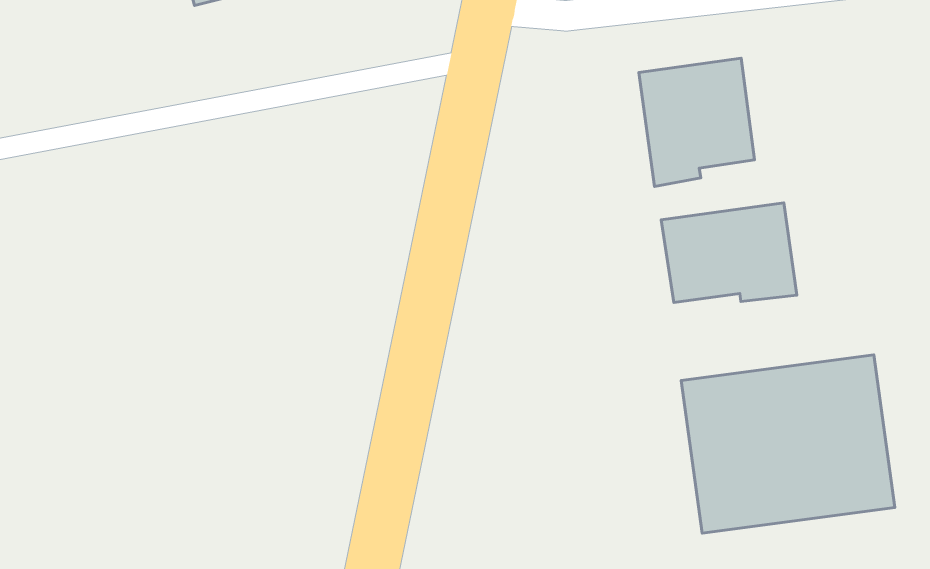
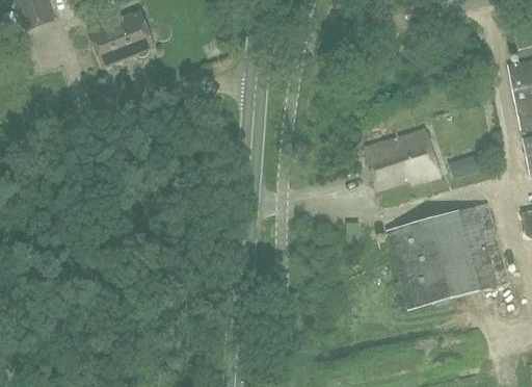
building: [639,58,755,186] -> none

